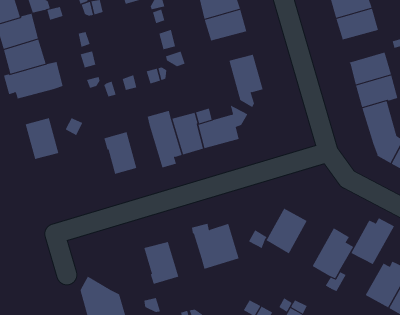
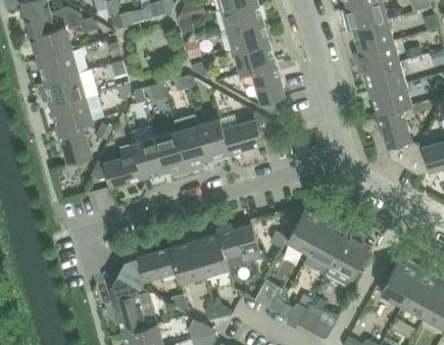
building: none -> [355,41,399,73]
building: none -> [234,42,275,73]
building: none -> [51,97,93,130]
building: none -> [155,131,188,176]
building: none -> [90,154,143,187]
building: [351,218,395,265] -> [308,219,350,264]
building: none -> [194,234,228,275]
building: none -> [117,247,178,287]

